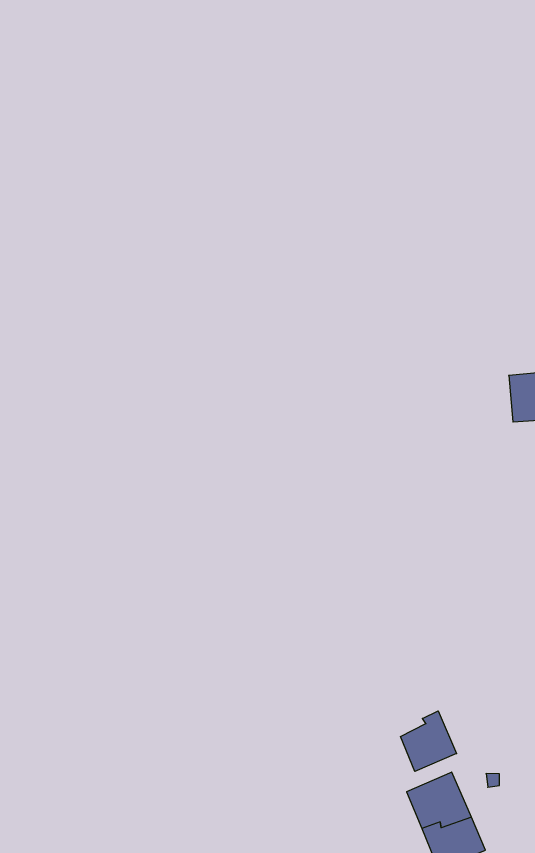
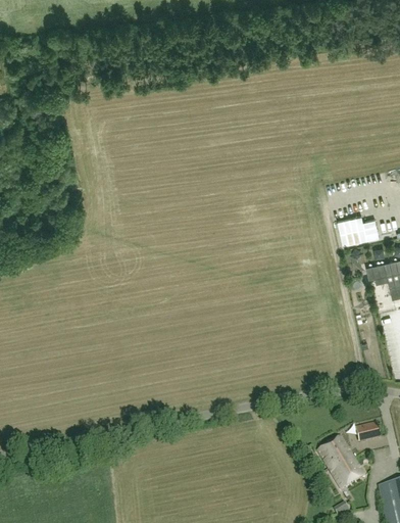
building: [400,711,457,771] -> none

